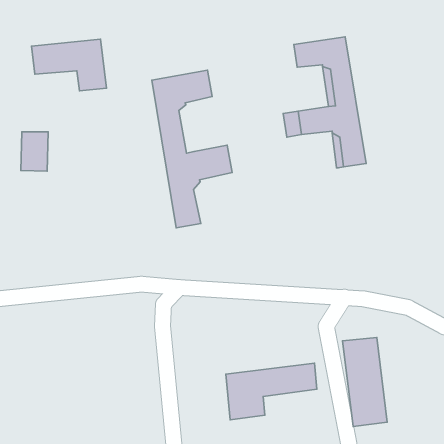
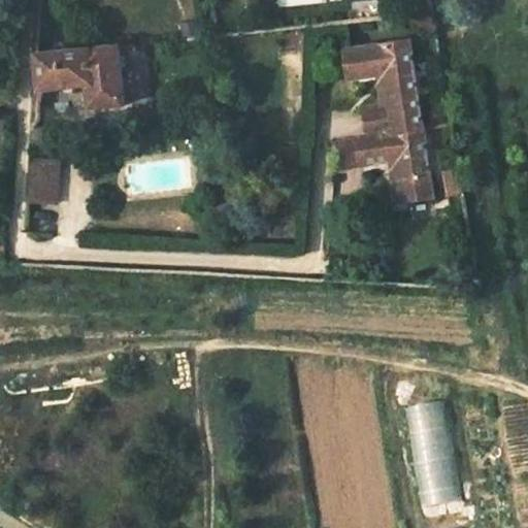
building: [152,70,232,228] -> none
building: [226,363,317,420] -> none

